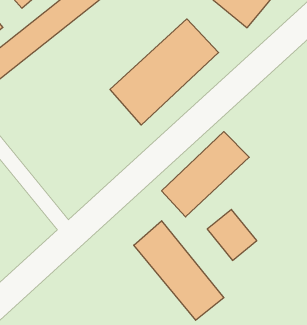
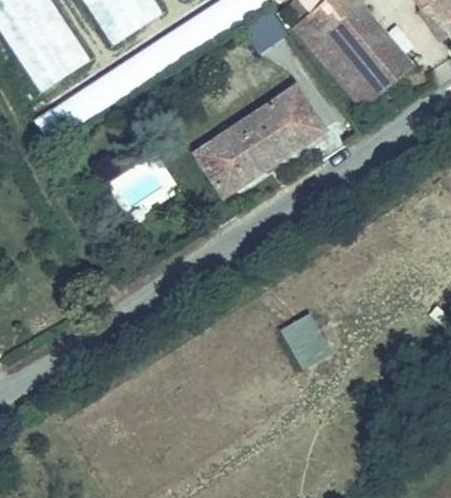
building: [162,132,249,217] -> none
building: [134,221,224,320] -> none

